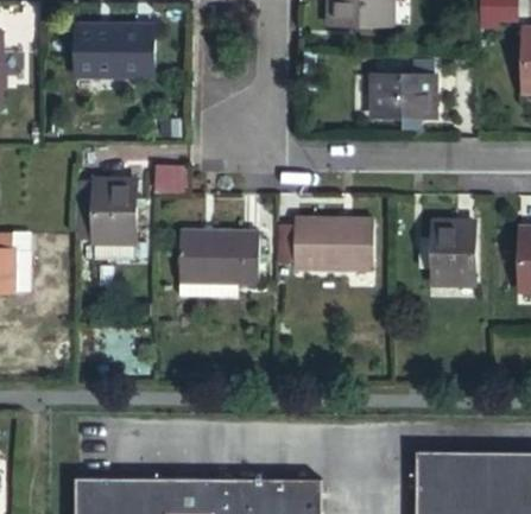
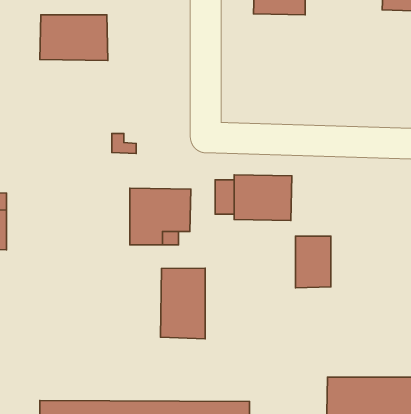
building: [369,72,435,128] -> none
building: [101,180,140,246] -> none
building: [425,222,467,283] -> [295,236,331,288]
building: none -> [160,268,205,339]

